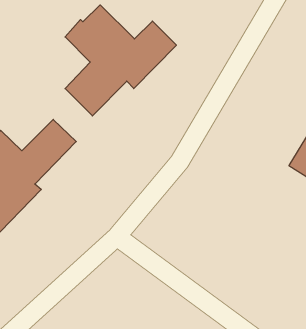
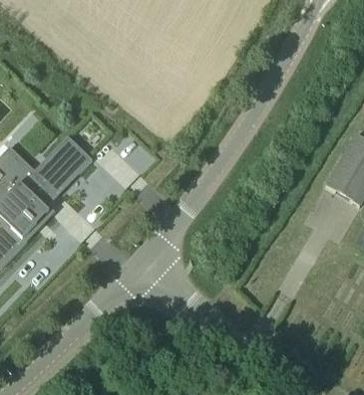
building: [65,5,176,116] -> none

